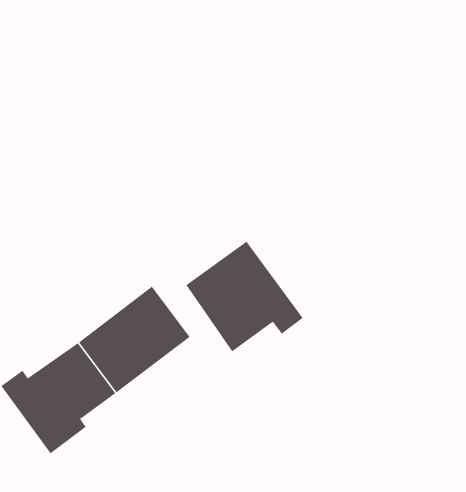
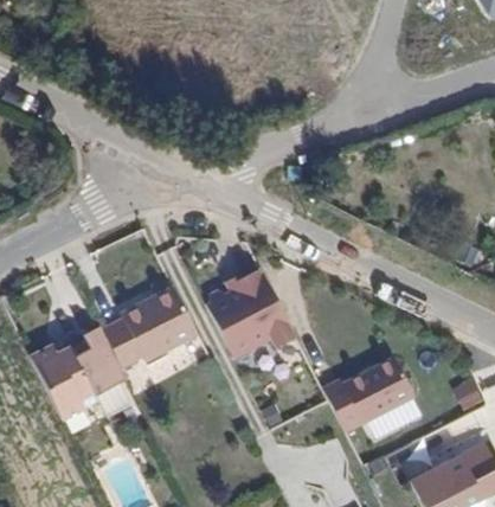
building: none -> [336,354,410,419]

